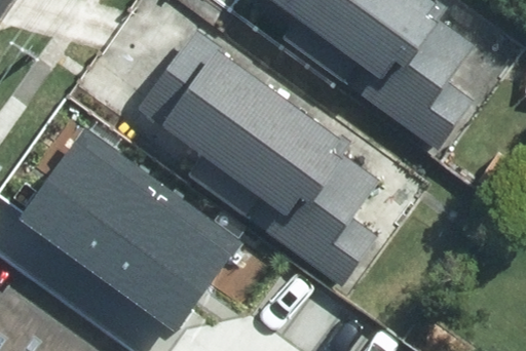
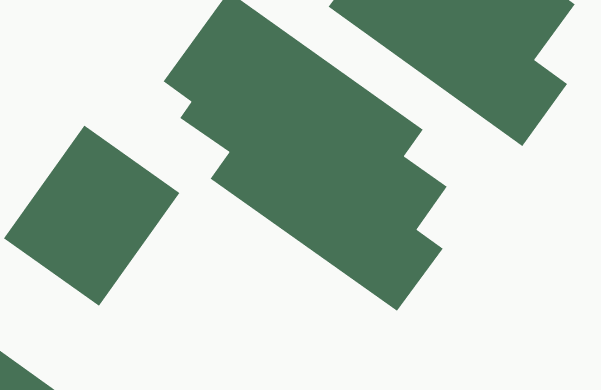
building: [96,187,241,335] -> none

